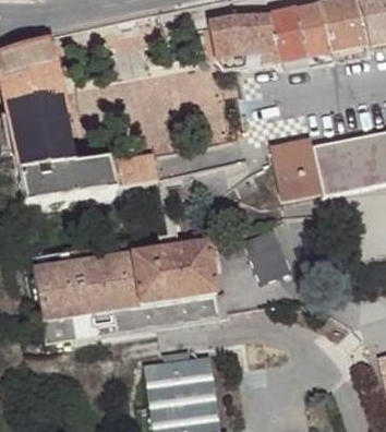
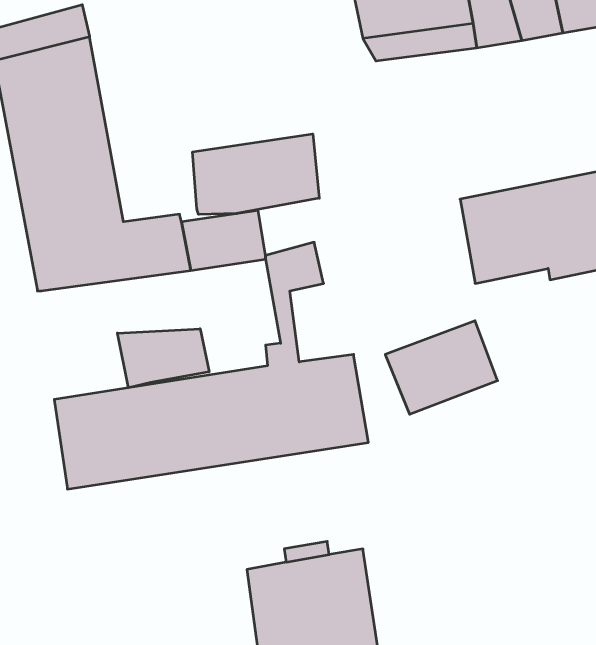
building: none -> [193,134,319,214]
building: none -> [117,329,209,388]

